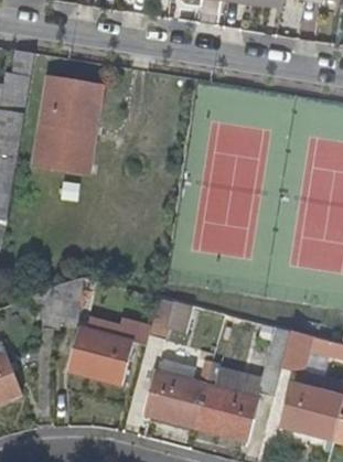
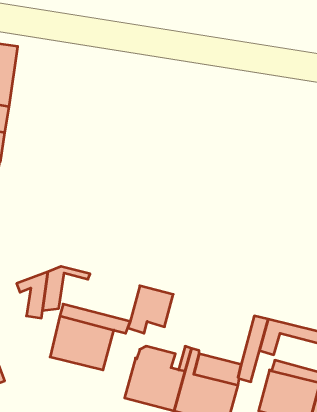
building: [34,79,100,174] -> none

